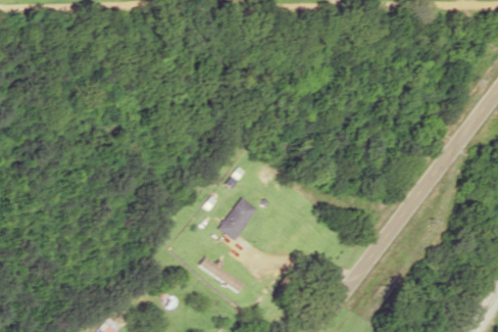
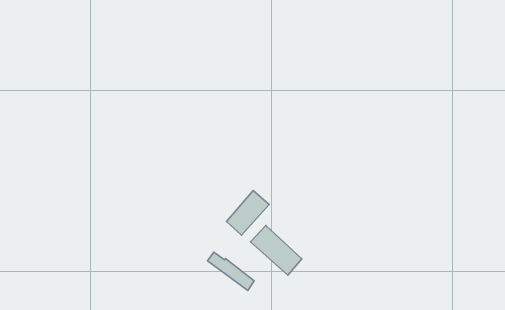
building: none -> [251,226,302,275]

